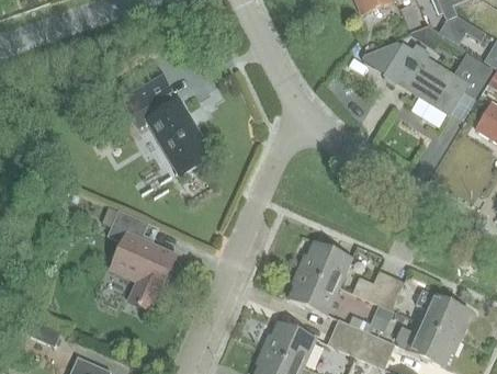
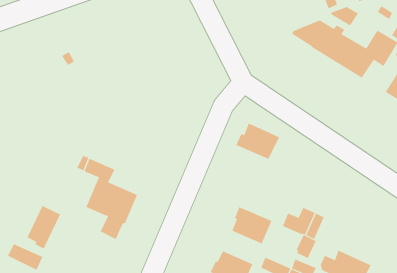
building: [117,66,214,174] -> none
building: [298,241,352,286] -> [236,123,280,160]
building: none -> [27,205,61,249]
building: [417,290,470,340] -> none
building: [330,315,370,344] -> none

